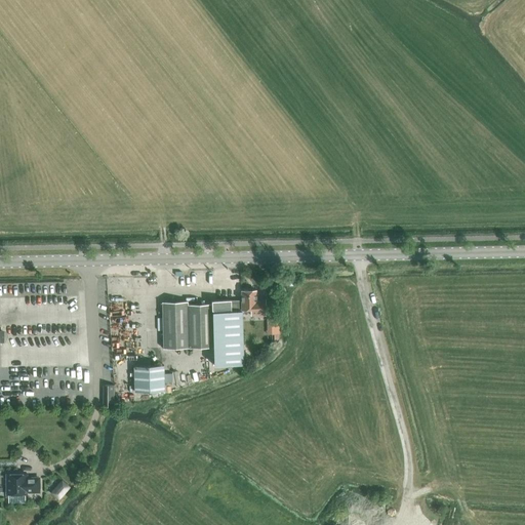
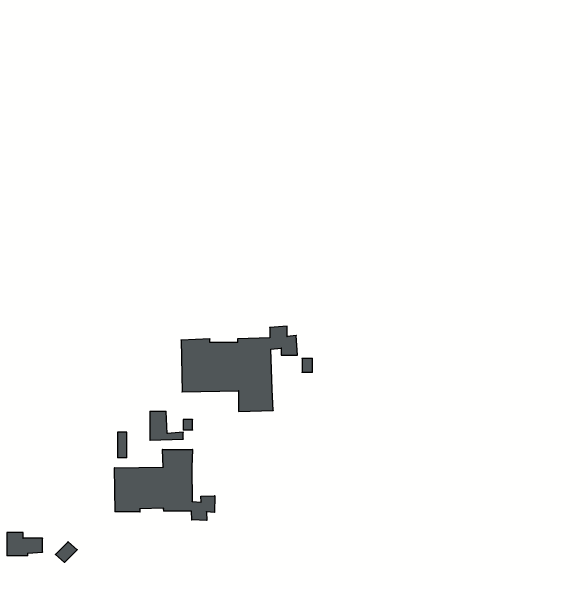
building: none -> [115,449,215,520]

